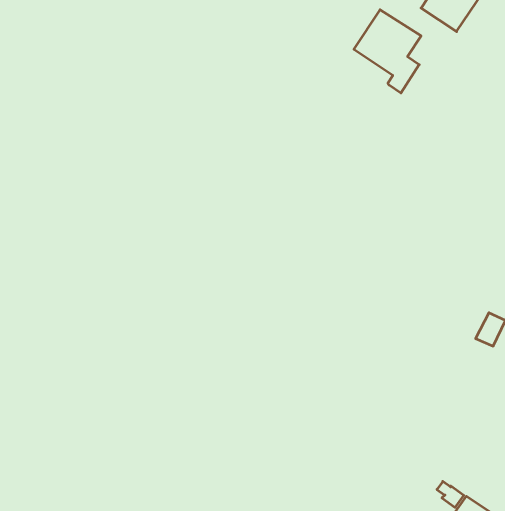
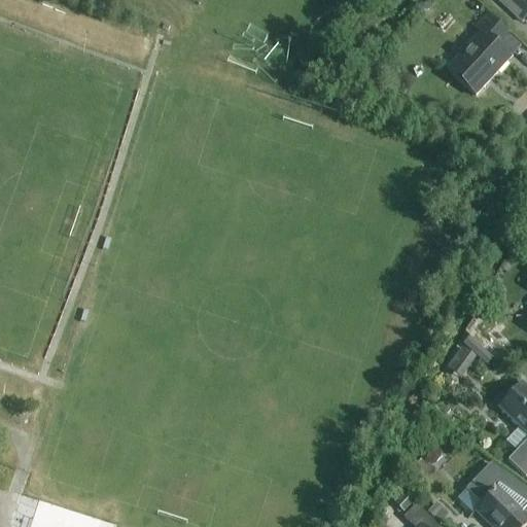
building: [354,10,421,93] -> none

